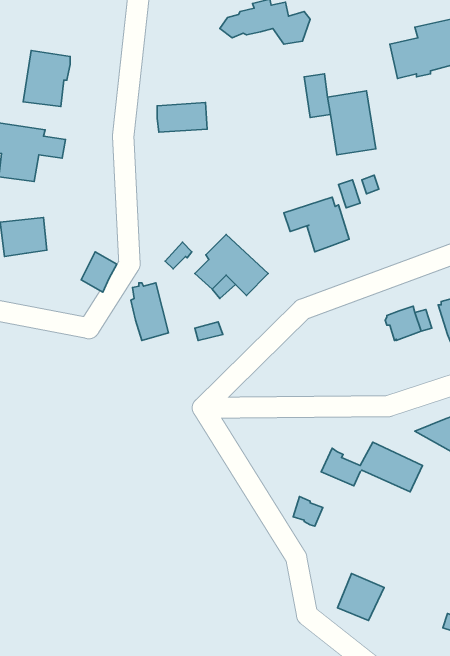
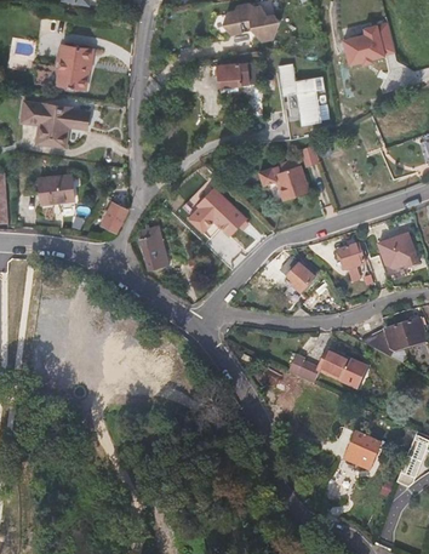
building: [157,103,207,132] -> [218,62,257,85]
building: none -> [280,259,318,292]
building: [337,574,384,620] -> [344,432,381,468]

